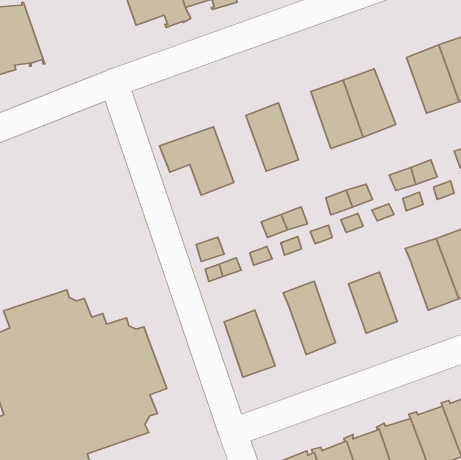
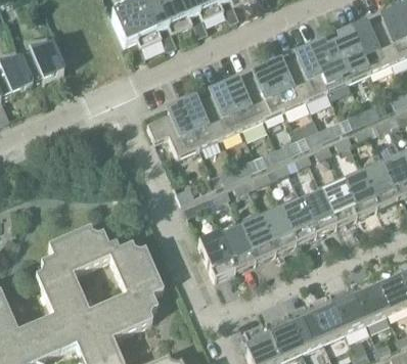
building: none -> [290,53,328,99]
building: none -> [227,81,265,128]
building: none -> [184,100,222,146]
building: none -> [304,191,338,233]
building: none -> [260,201,298,251]
building: none -> [221,227,258,269]

